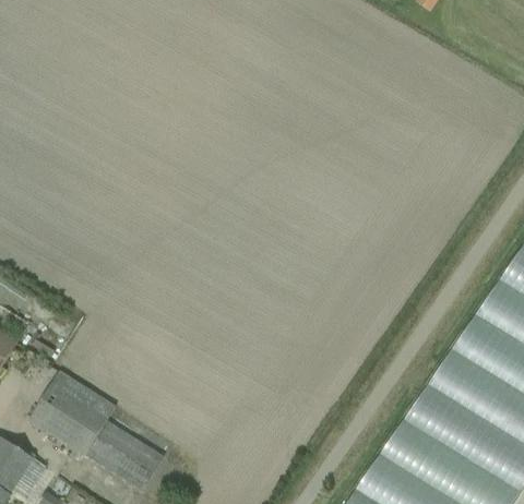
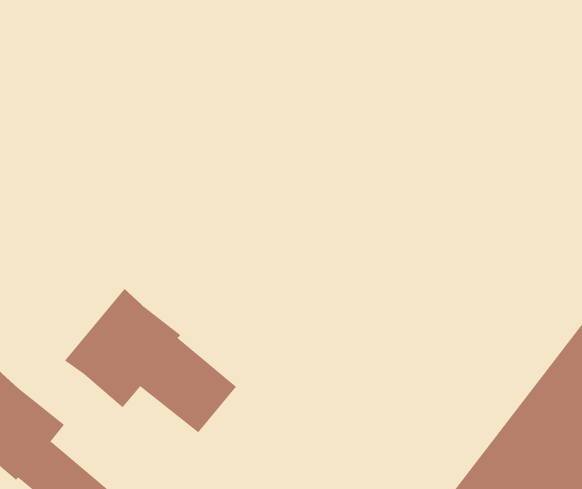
building: none -> [64,288,237,433]

